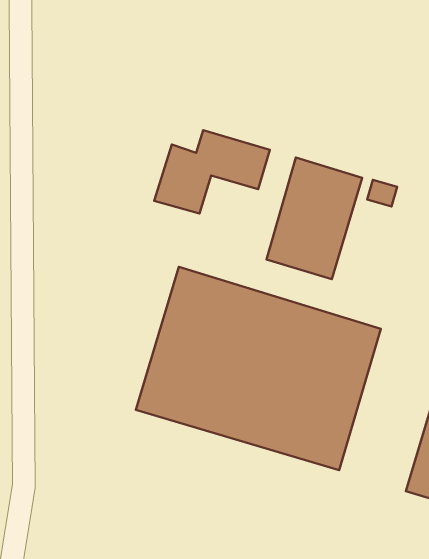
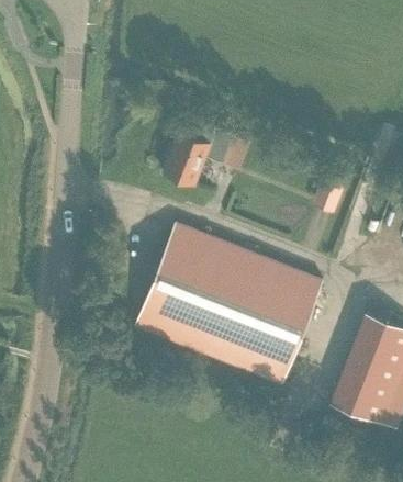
building: [266,157,362,279] -> none

